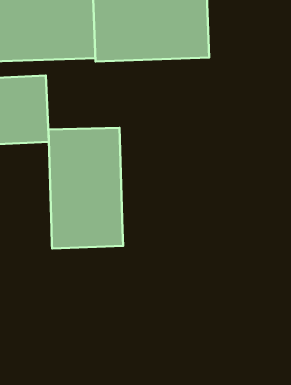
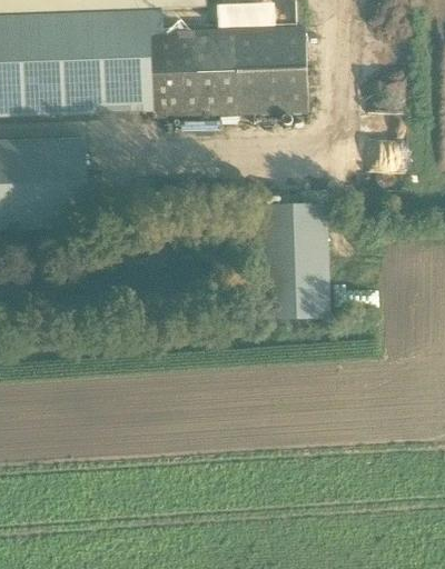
building: none -> [248,201,330,318]
building: [49,128,123,249] -> none

